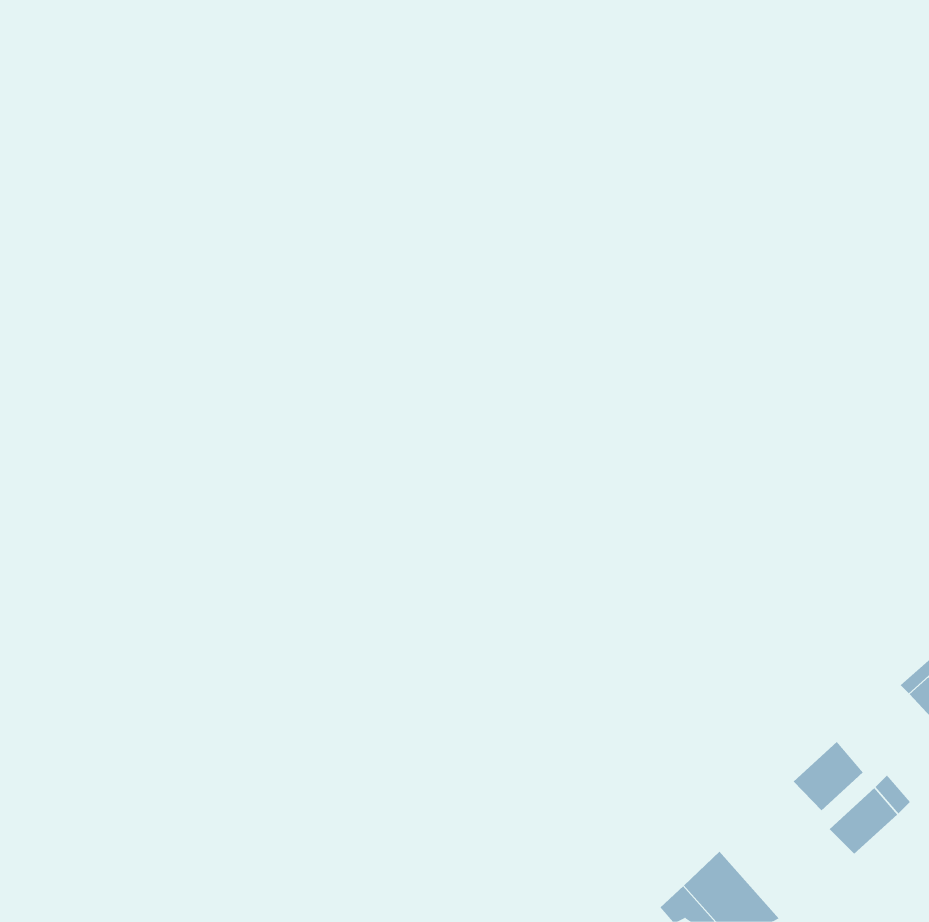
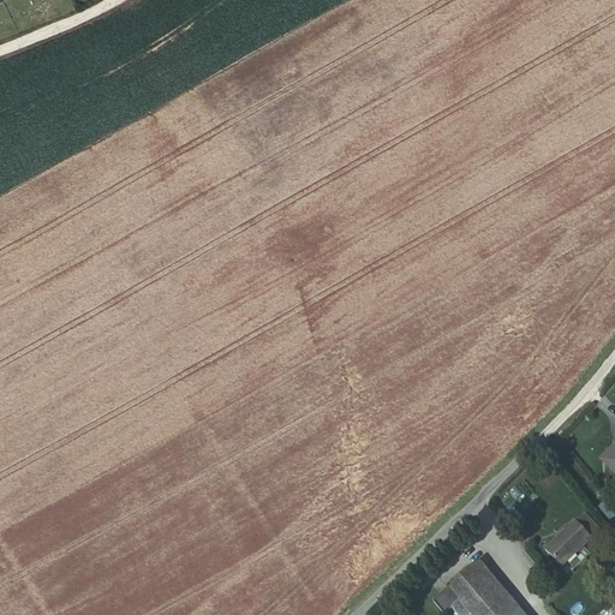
building: [793,741,864,811] -> none

